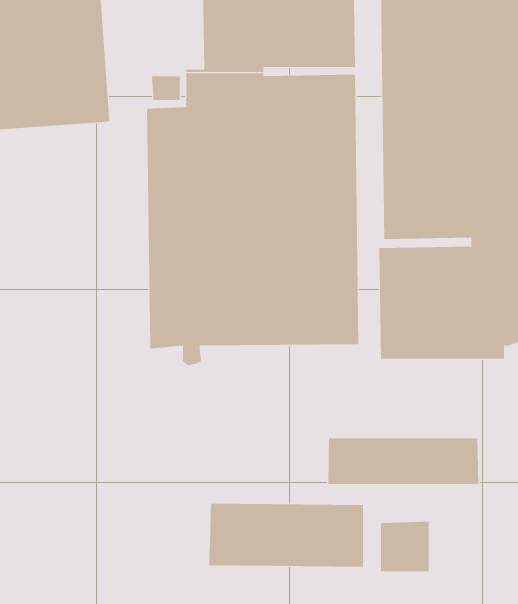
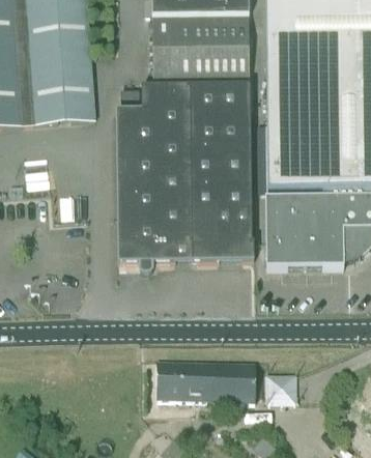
building: [328,437,479,485] -> none

